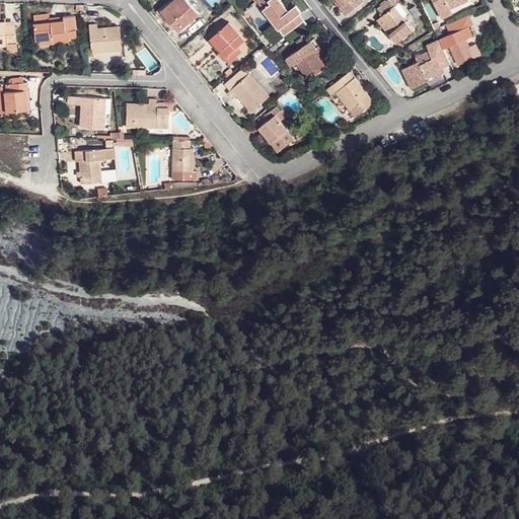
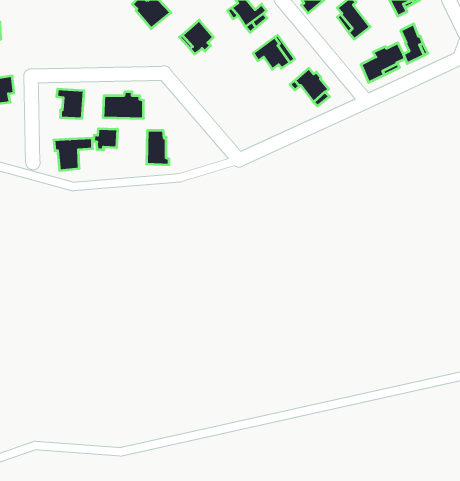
building: [33,15,76,44] -> none
building: [88,23,121,52] -> none
building: [227,74,269,113] -> none
building: [262,110,293,151] -> none
building: none -> [94,129,117,150]

